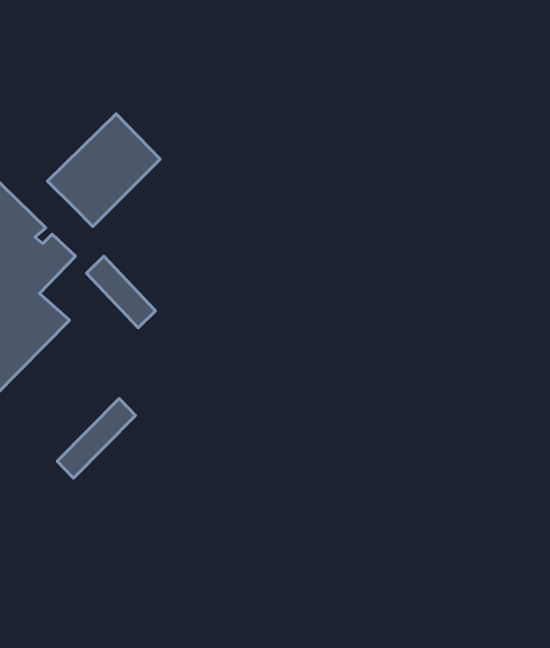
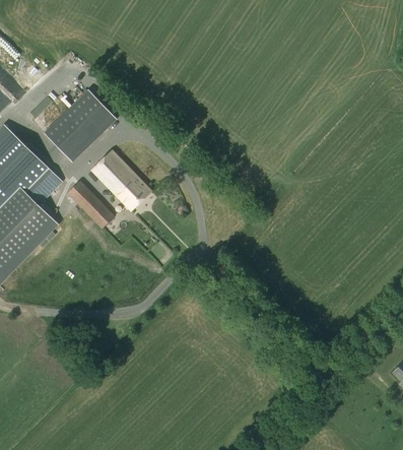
building: none -> [91,149,150,210]
building: [57,398,135,478] -> none

